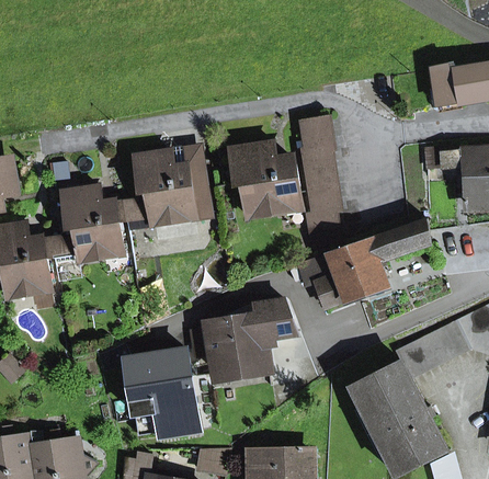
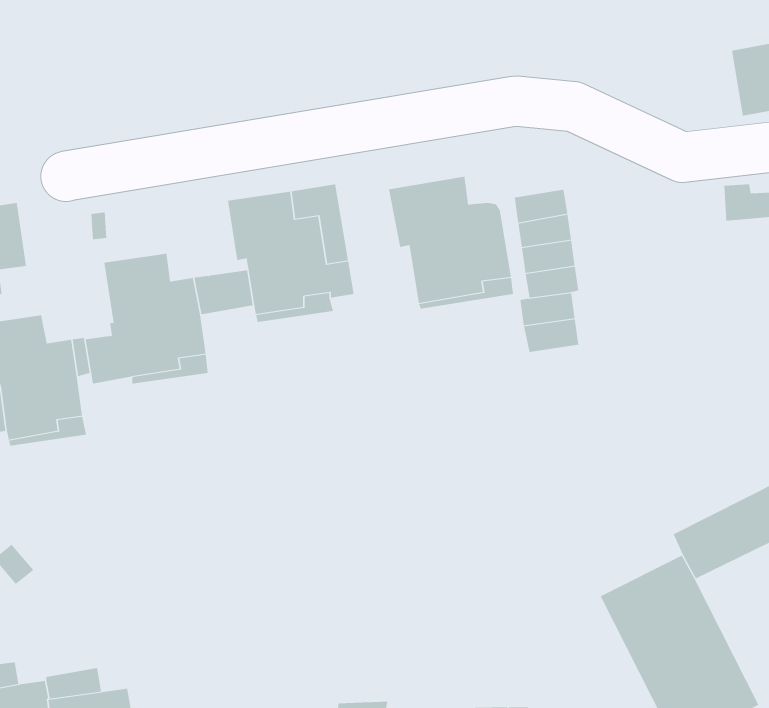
building: [300,118,334,153] -> none
building: [298,218,431,307] -> none
building: [192,299,296,372] -> none
building: [126,350,198,436] -> none

